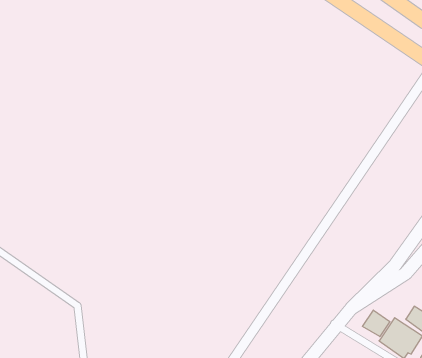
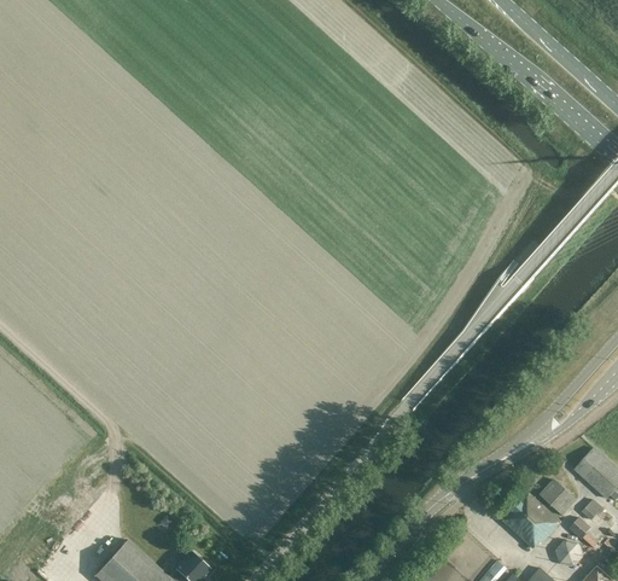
building: [362,310,390,337] -> none

